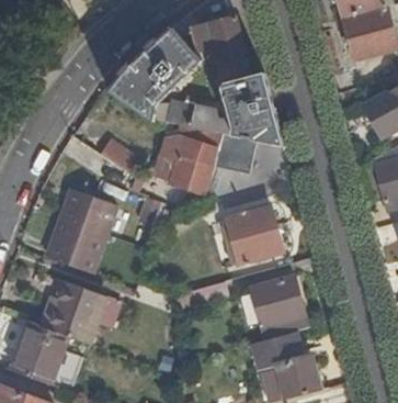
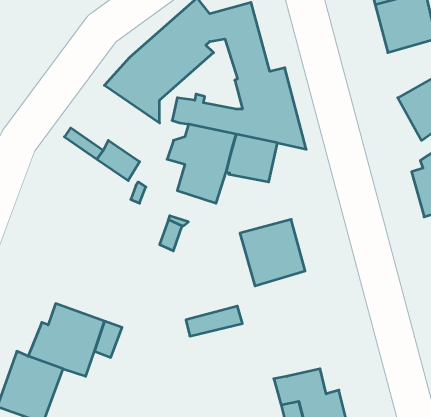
building: [47,194,115,272] -> none
building: [250,276,307,344] -> none

